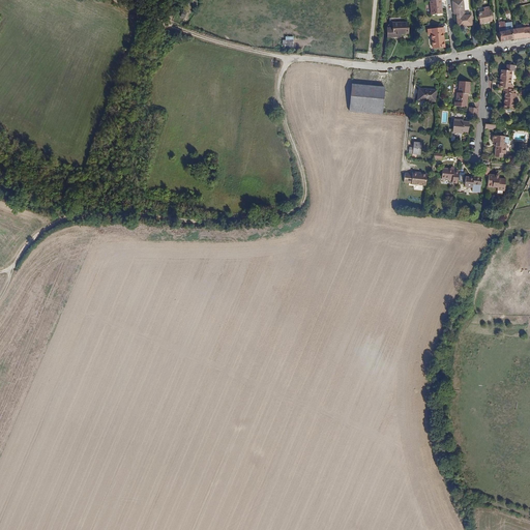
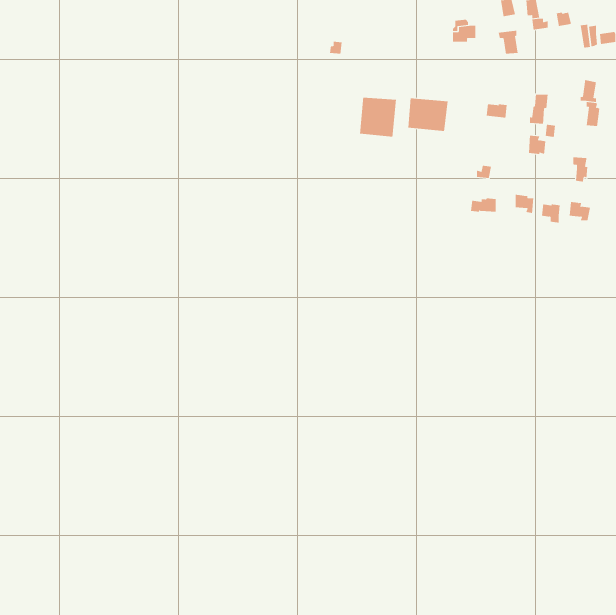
building: none -> [359,97,396,138]

